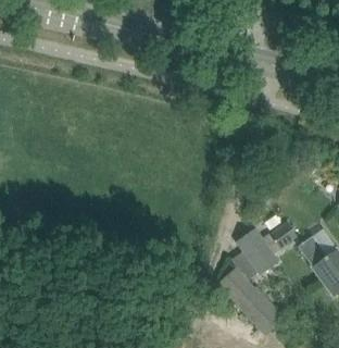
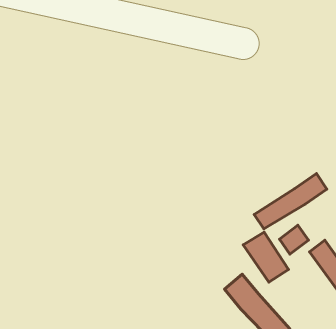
building: none -> [254,173,327,229]

